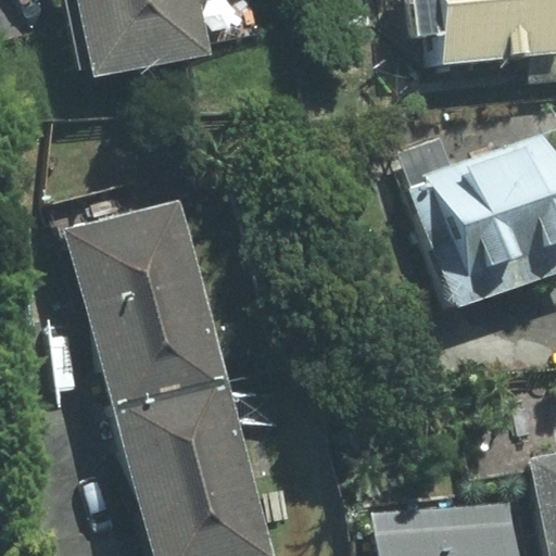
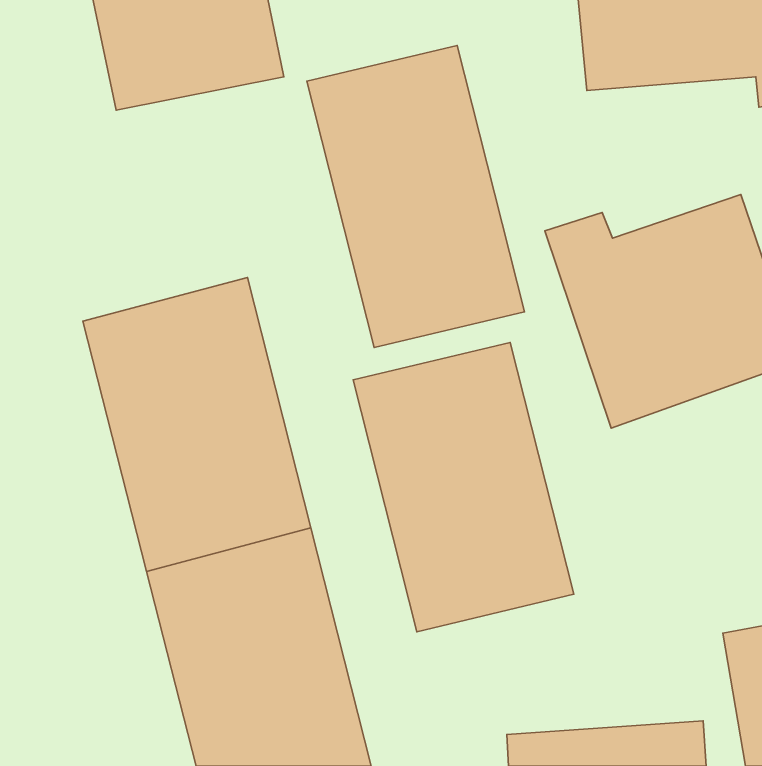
building: none -> [307,46,524,347]
building: none -> [353,342,574,632]

